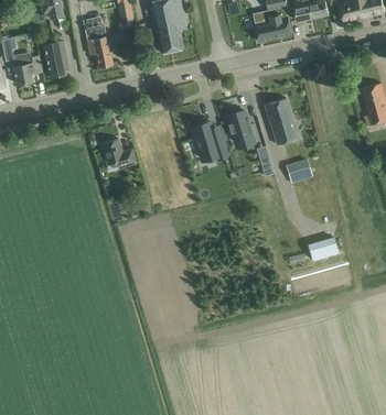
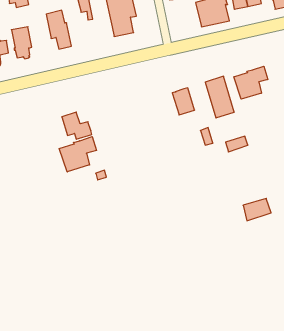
building: none -> [234,66,268,99]
building: [191,121,227,160] -> none
building: none -> [59,137,96,172]

